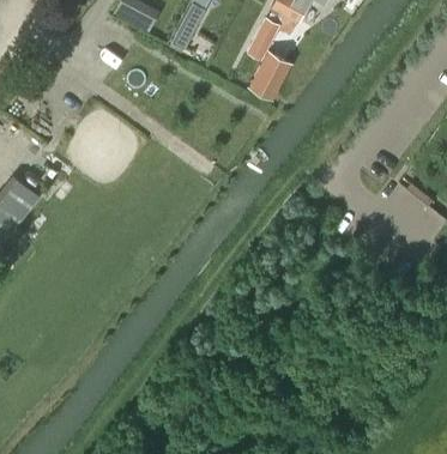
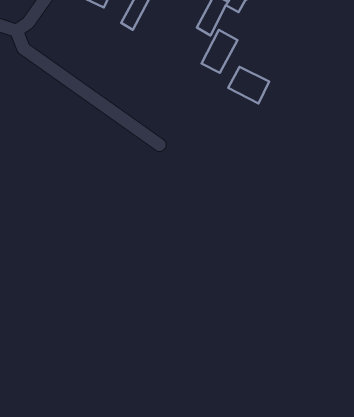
building: none -> [228,67,269,103]

